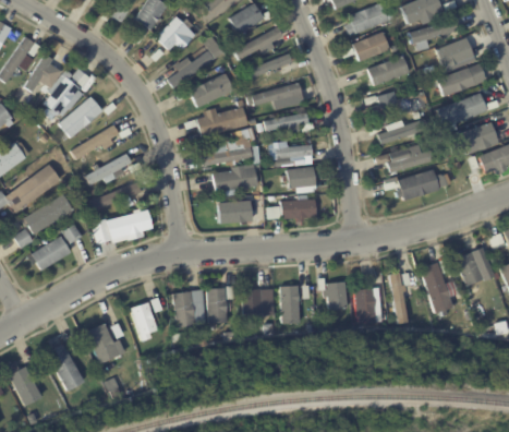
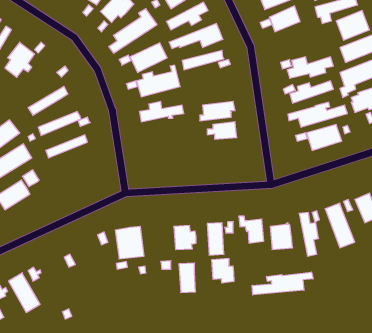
building: [368,55,410,85] -> none
building: [59,96,102,137] -> none
building: [265,112,314,132] -> none
building: [214,167,259,192] -> none
building: [267,194,317,221] -> none
building: [219,200,253,223] -> none
building: [102,209,153,241] -> none
building: [207,288,227,323] -> [179,263,196,293]
building: [131,302,159,337] -> none
building: [86,324,120,365] -> none
building: none -> [212,258,234,283]
building: none -> [252,272,313,295]

